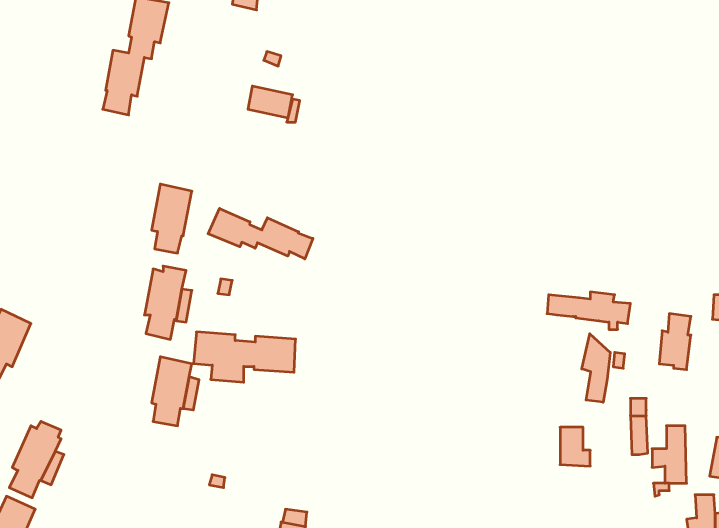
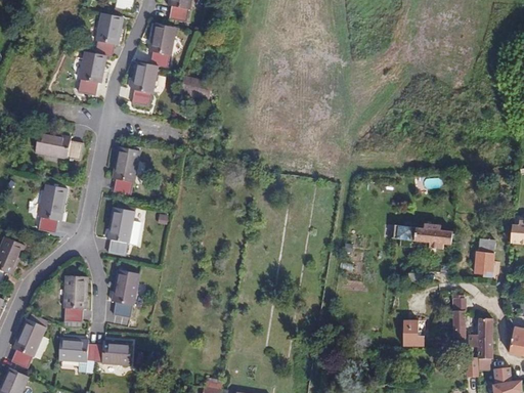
building: none -> [130,23,176,106]
building: none -> [34,129,83,160]
building: [208,208,313,259] -> none
building: none -> [38,184,68,232]
building: [193,332,296,382] -> [58,337,131,373]
building: [582,334,610,402] -> none
building: none -> [63,274,88,326]

